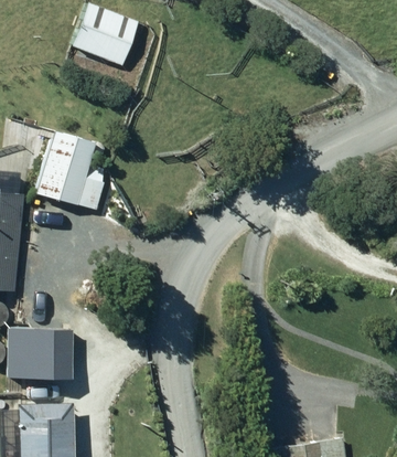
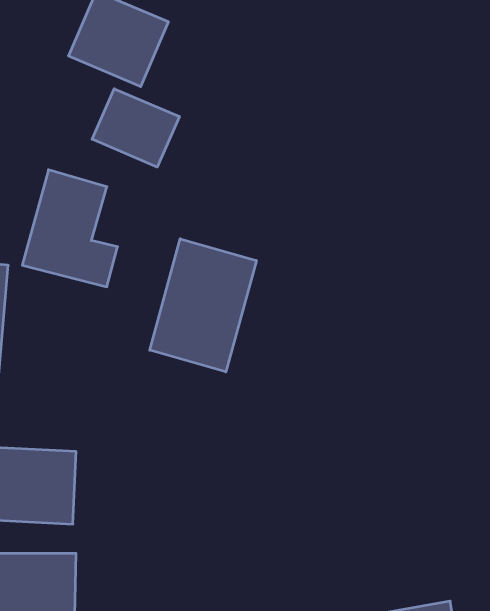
building: none -> [92,89,179,167]
building: none -> [150,239,256,372]

